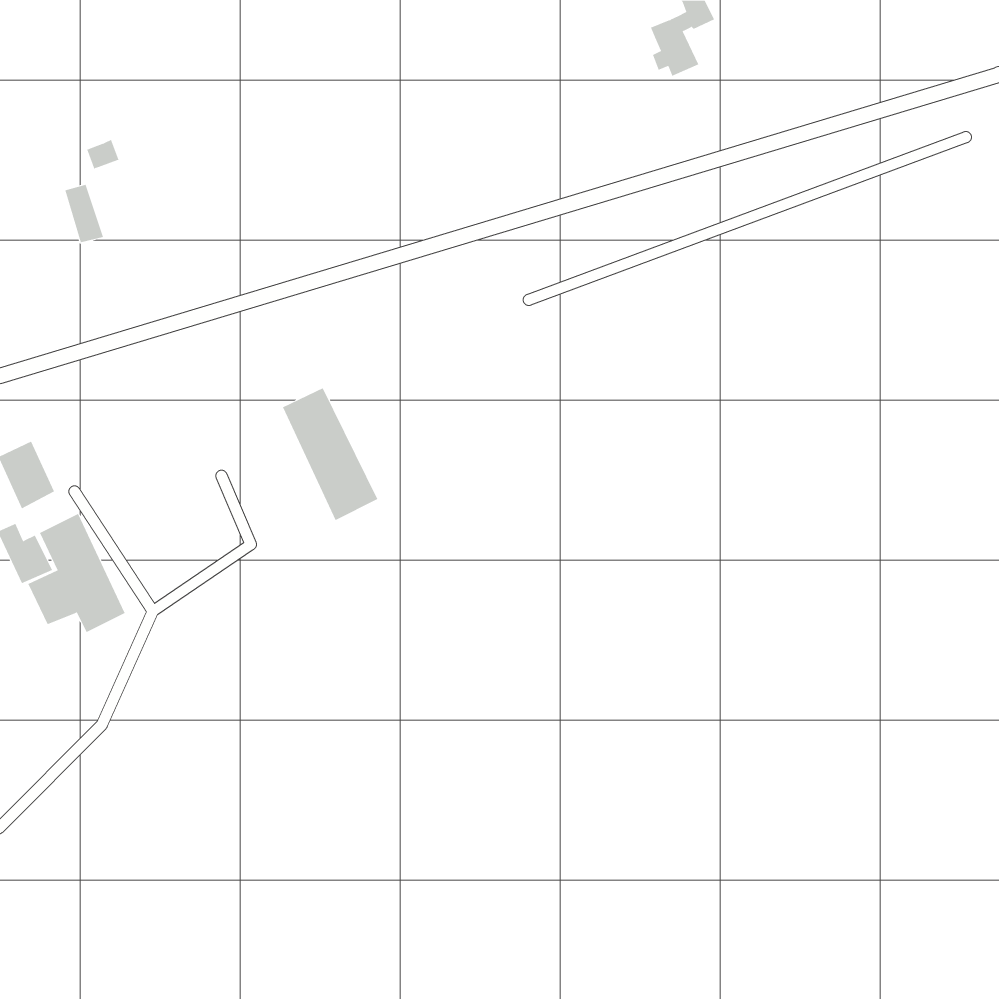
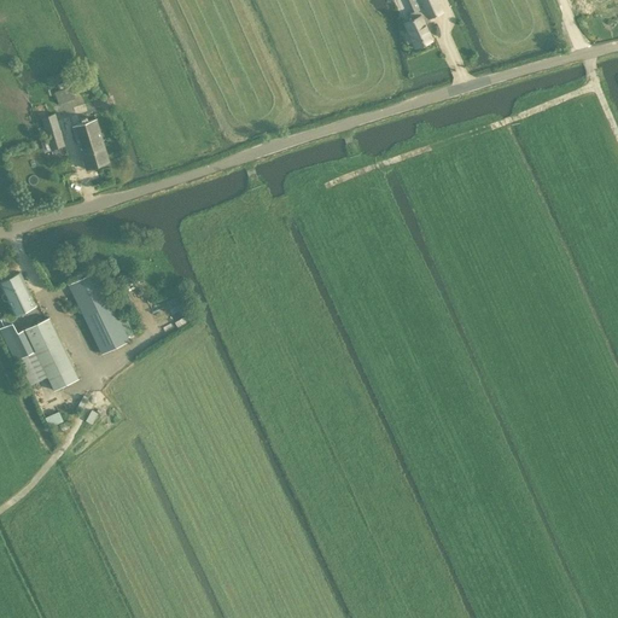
building: none -> [71,119,109,170]
building: [282,388,378,521] -> [69,273,128,355]

